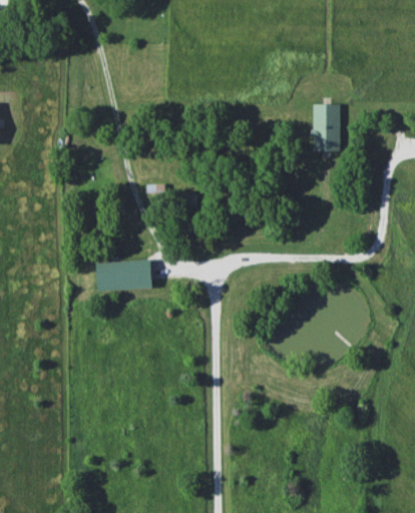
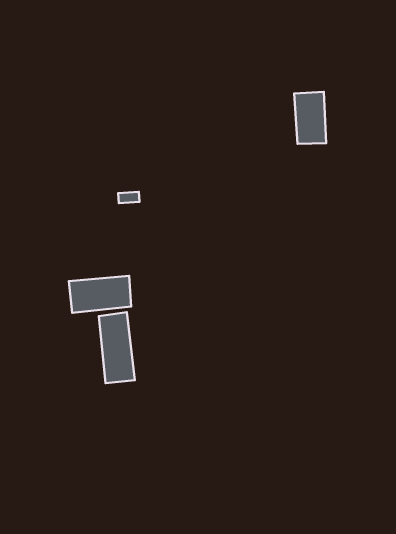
building: none -> [99,312,135,383]

